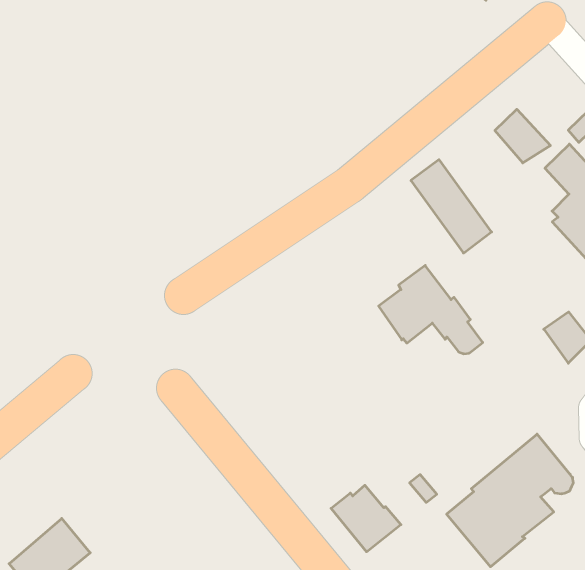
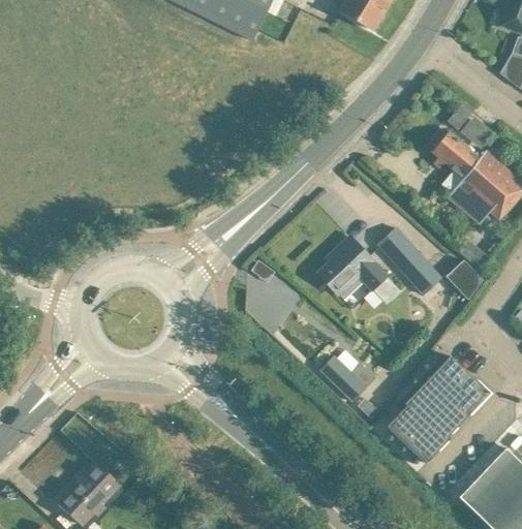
building: [495,109,550,163] -> none
building: [411,160,492,253] -> [375,225,441,294]
building: [331,485,401,552] -> [319,349,374,400]

